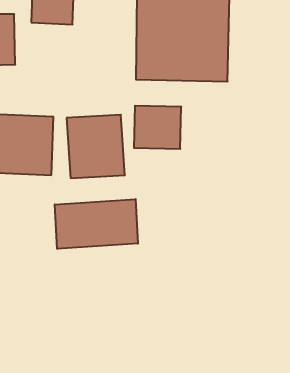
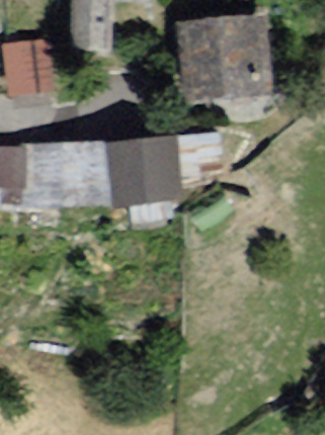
building: [55,199,138,249] -> none

